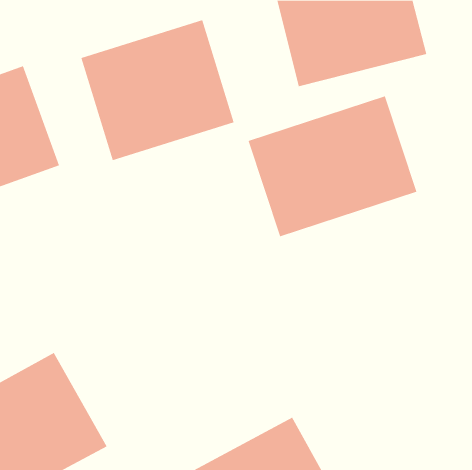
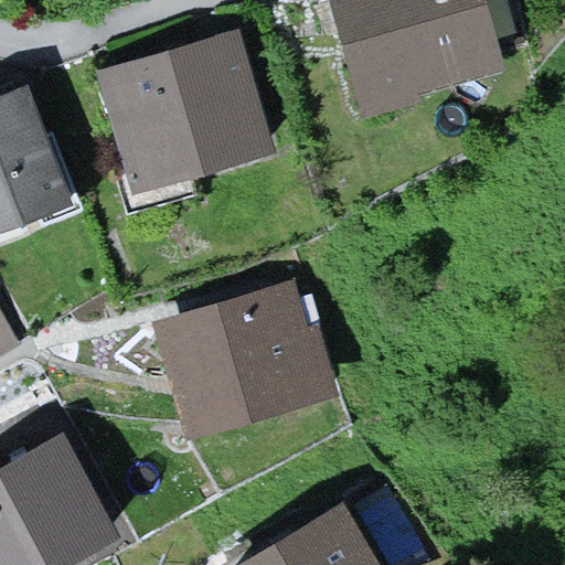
building: [248,96,417,237] -> none
building: none -> [150,270,347,444]

